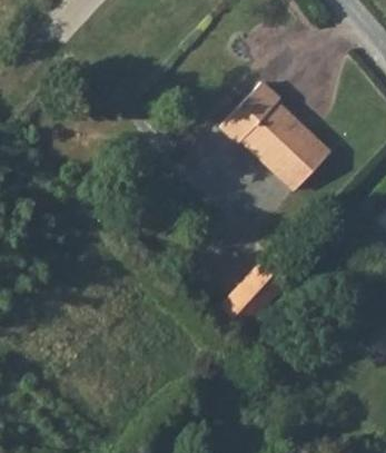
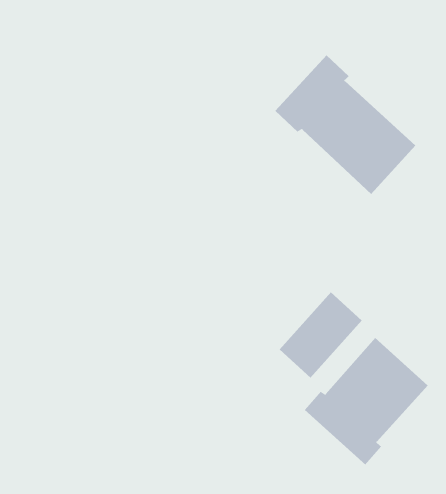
building: none -> [304,337,429,465]

